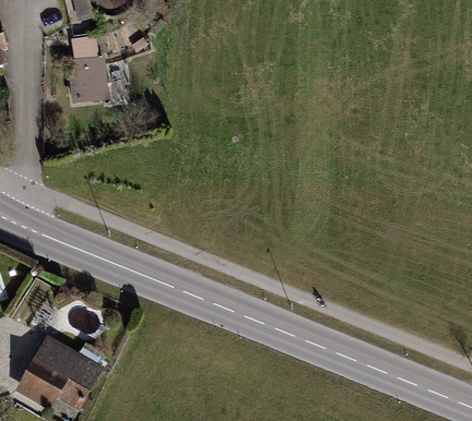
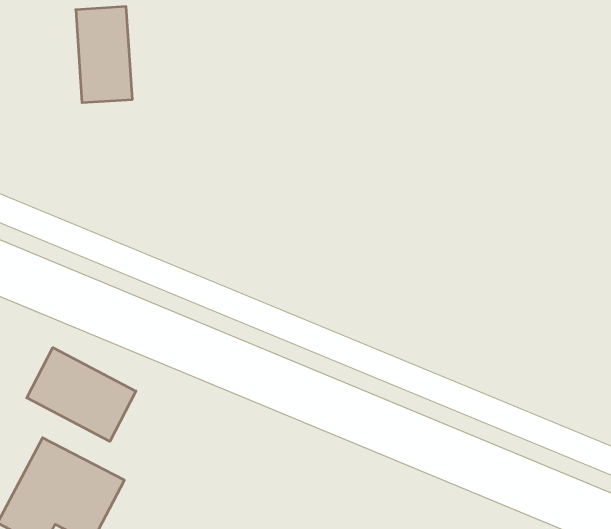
building: none -> [27,348,136,441]

